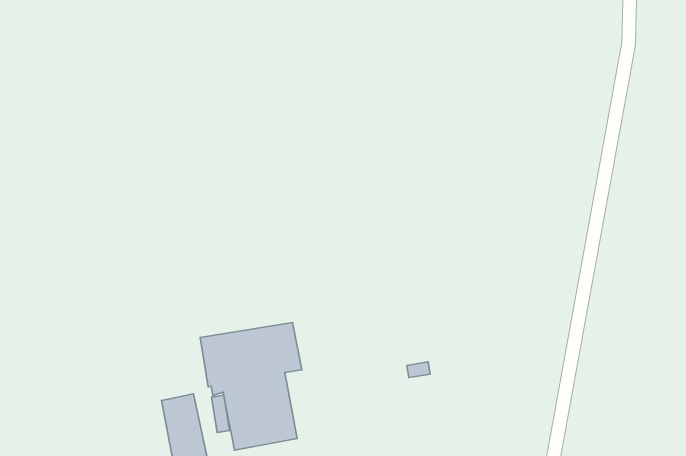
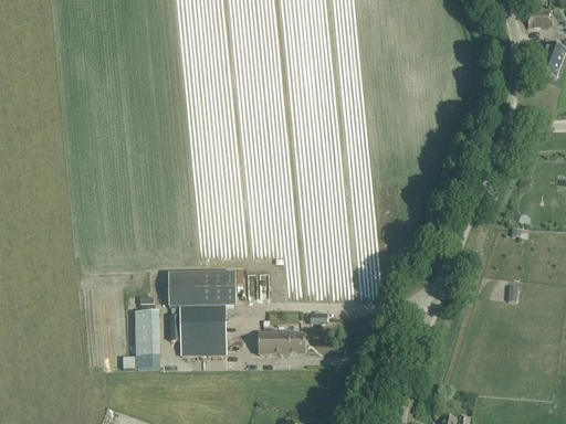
building: none -> [259,330,305,353]

